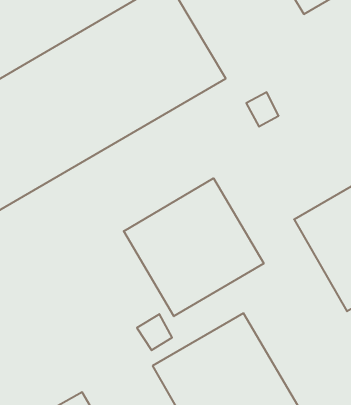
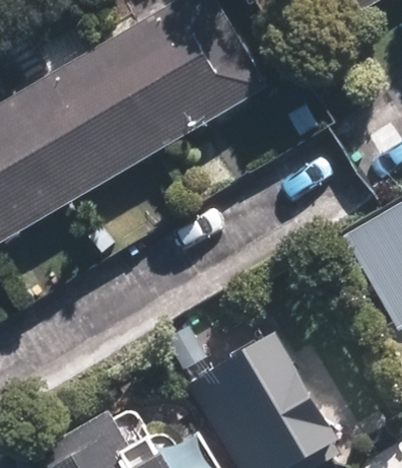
building: [124,178,264,316] -> none

